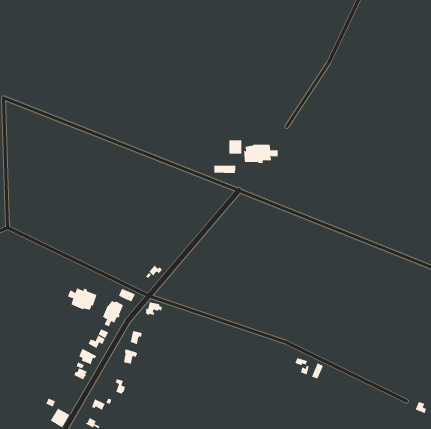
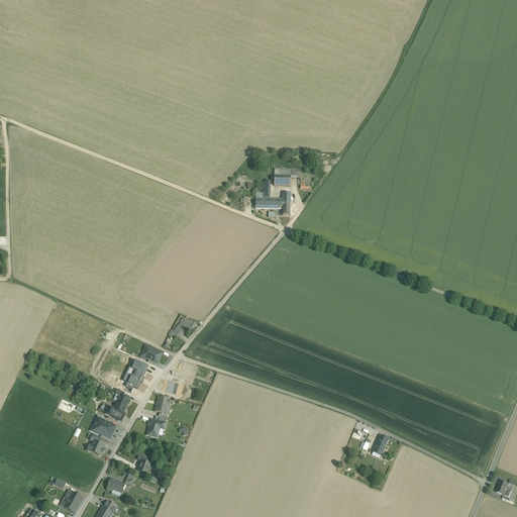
building: [243,144,278,164] -> none
building: [67,288,97,310] -> none

